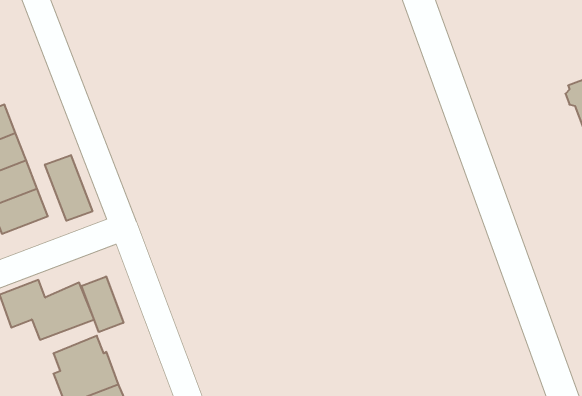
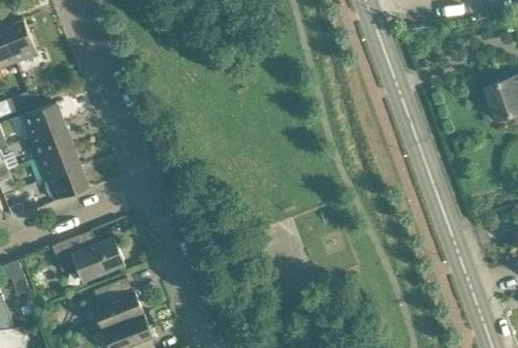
building: [45,155,92,221] -> none
building: [82,276,123,332] -> none

